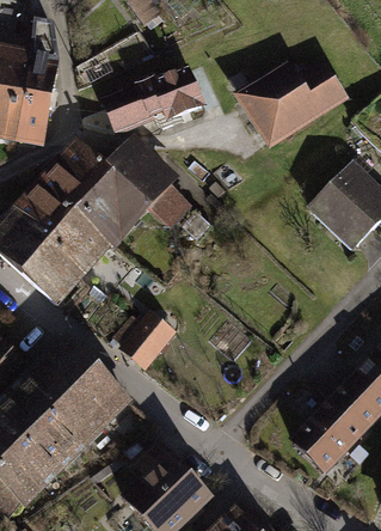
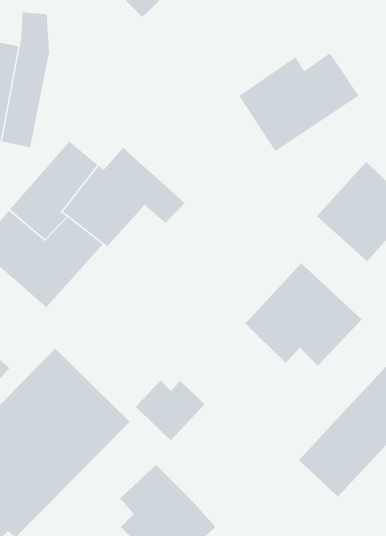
building: [103,65,201,126] -> none
building: none -> [245,262,362,367]
building: [107,311,173,368] -> [135,380,205,441]

